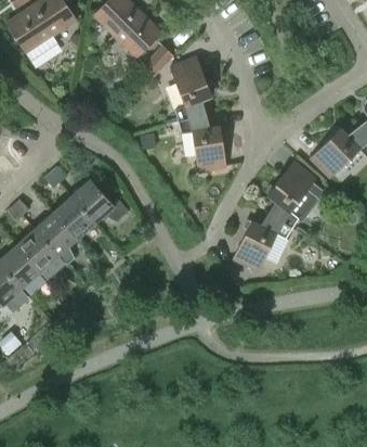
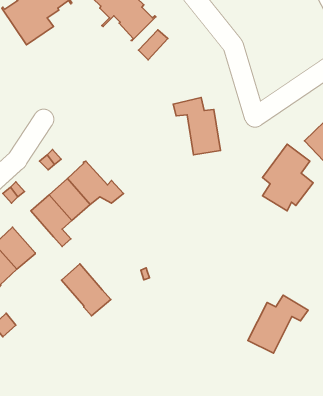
building: [170,56,211,120] -> none
building: [232,213,292,271] -> [248,295,308,353]
building: [16,228,66,280] -> [61,264,111,316]

